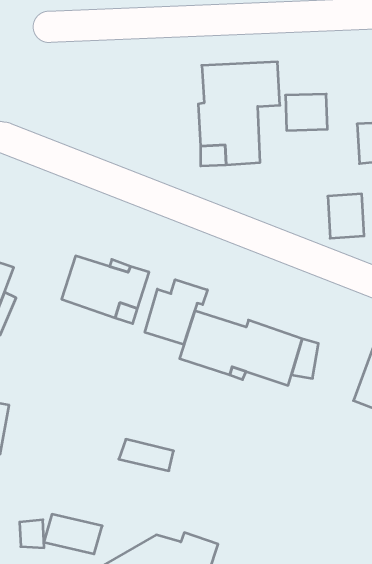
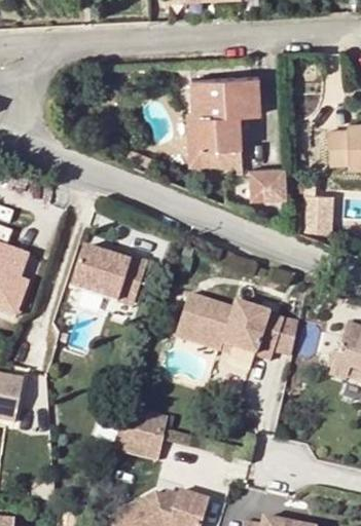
building: [285,94,327,130] -> [251,168,288,200]
building: [145,280,207,345] -> none
building: [44,514,102,554] -> [112,425,164,460]

